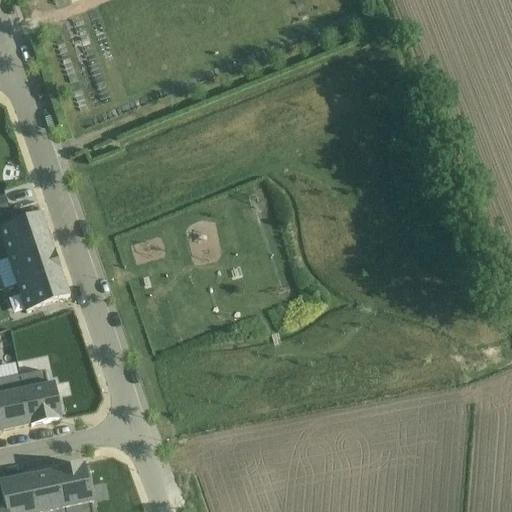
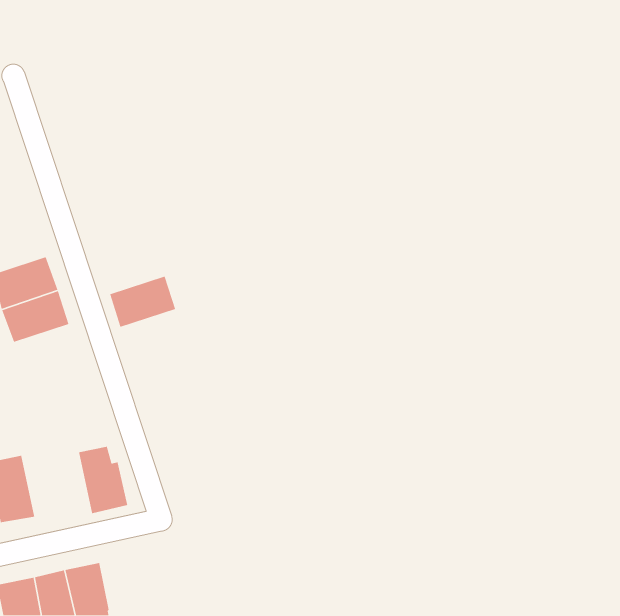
building: [11,266,66,309] -> [109,275,176,328]
building: [18,368,59,424] -> [78,446,128,514]

